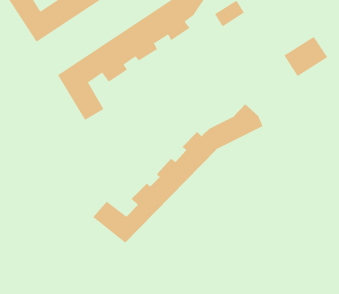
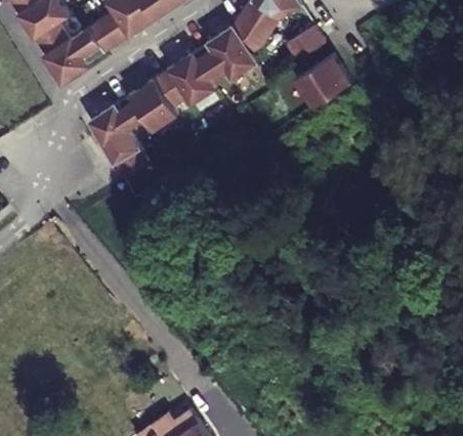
building: [283,36,328,77] -> [293,56,349,107]
building: [93,103,263,243] -> none

